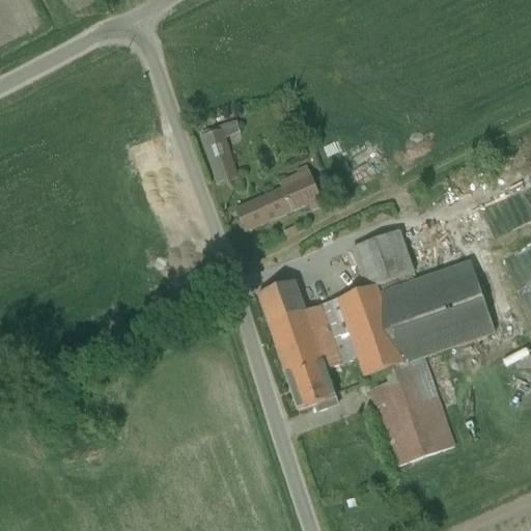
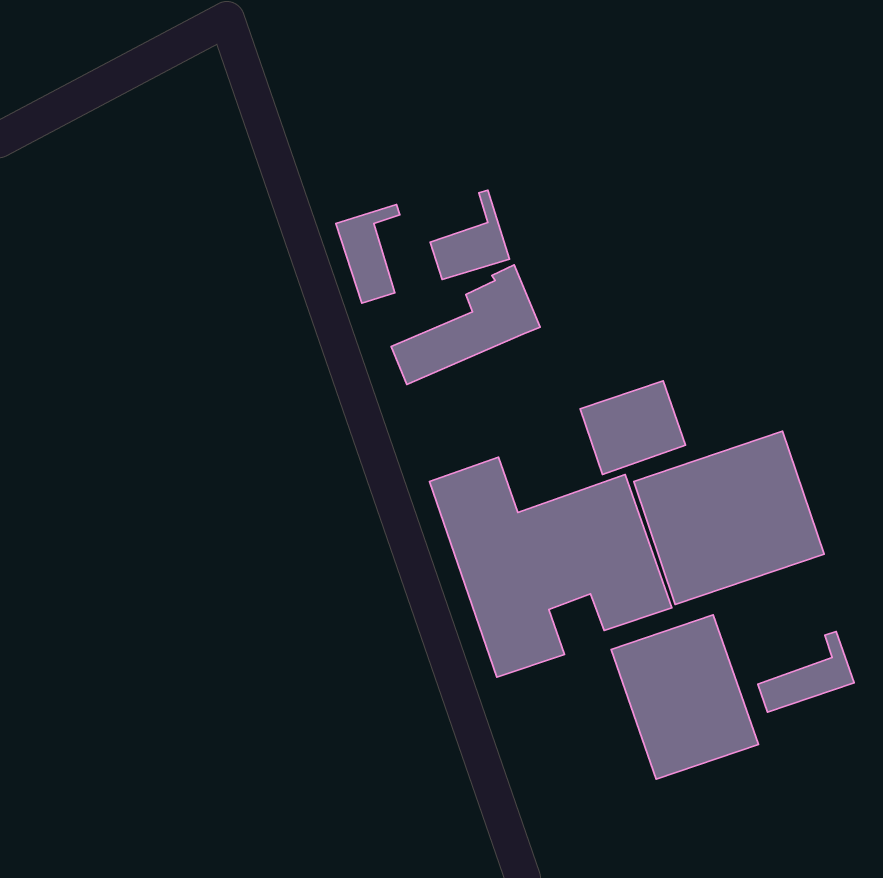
building: none -> [430,190,510,279]
building: none -> [758,631,854,712]

